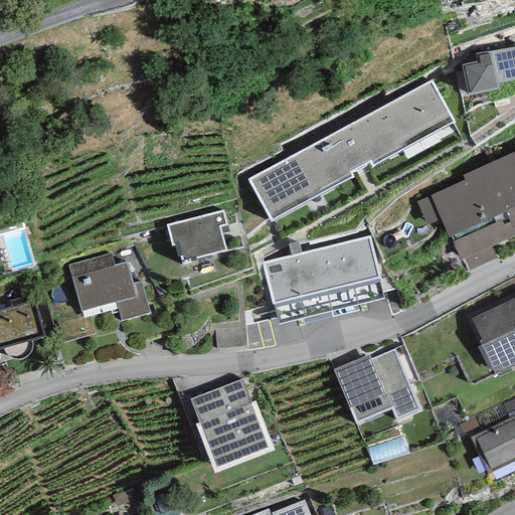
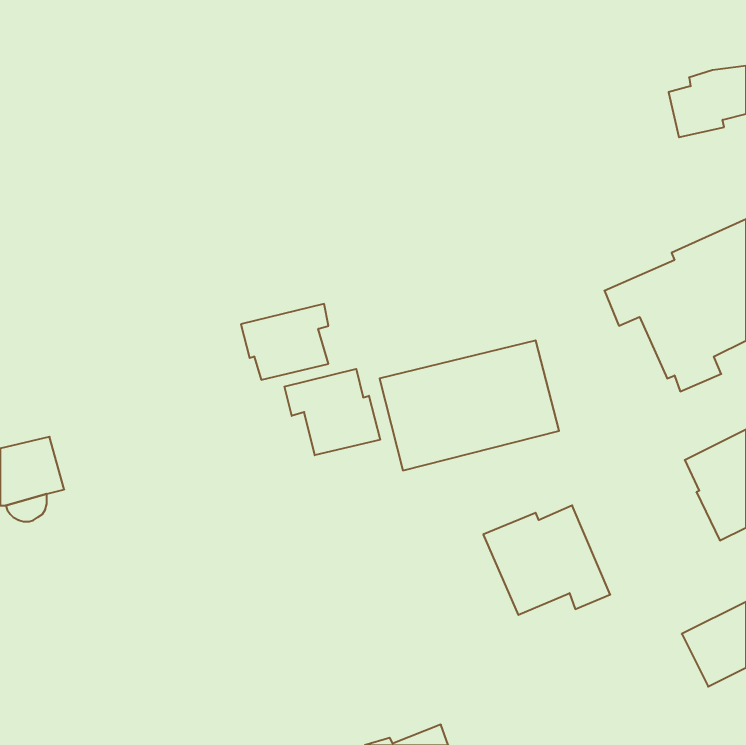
building: [249,78,453,218] -> none
building: [68,251,150,320] -> none
building: none -> [284,369,380,455]
building: [190,378,269,467] -> none

